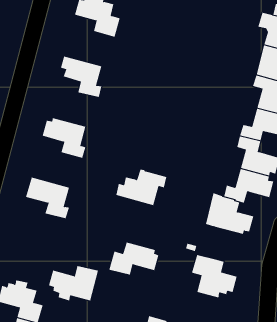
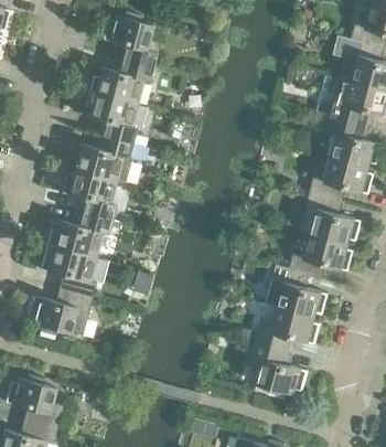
building: none -> [88,61,153,105]
building: none -> [74,138,133,184]
building: [115,169,167,206] -> [47,212,112,258]
building: [109,242,159,275] -> [256,308,320,350]
building: [48,265,99,301] -> [28,291,92,337]

